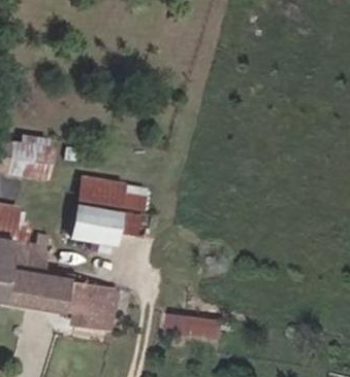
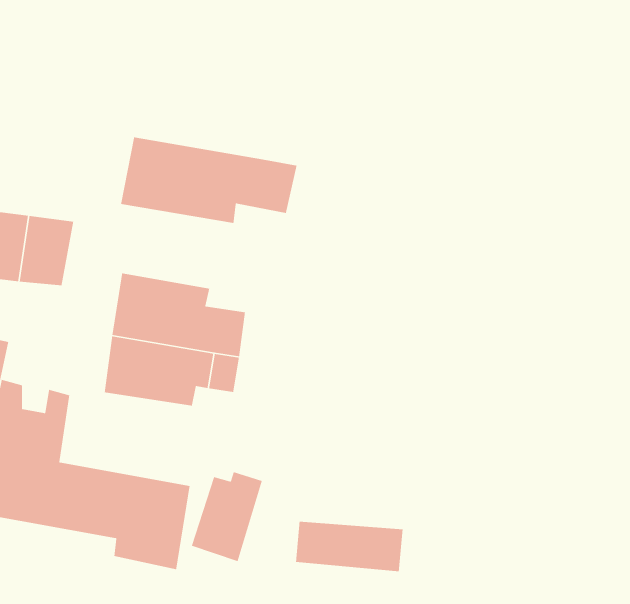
building: none -> [120,136,297,224]
building: none -> [191,471,263,562]

